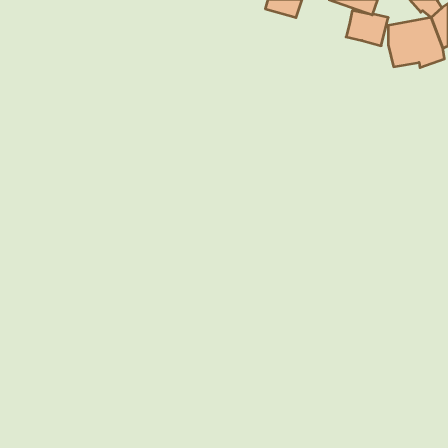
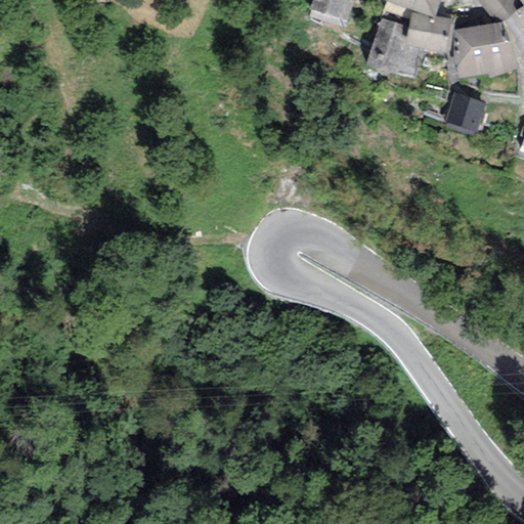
building: none -> [365,17,422,77]
building: none -> [443,92,485,131]

